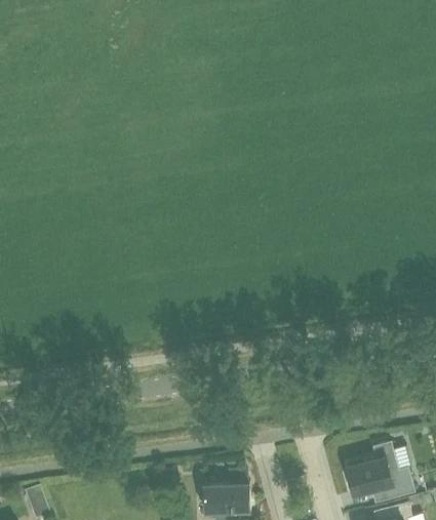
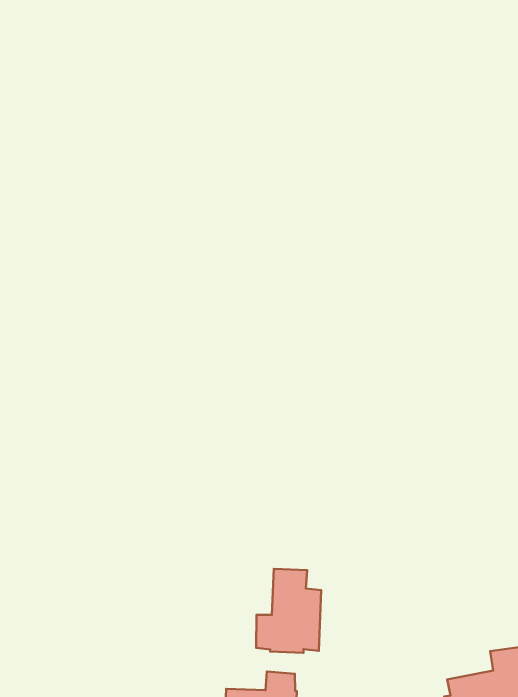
building: none -> [256,569,321,653]

